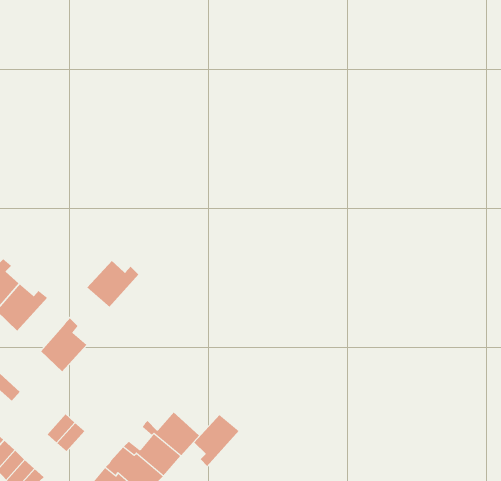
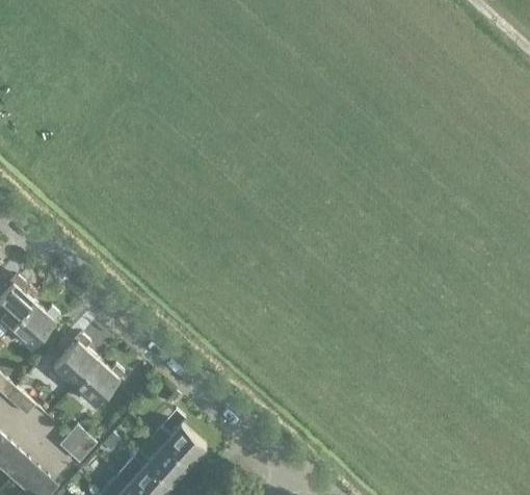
building: [87,260,139,307] -> [74,362,124,407]
building: [194,414,239,467] -> none

